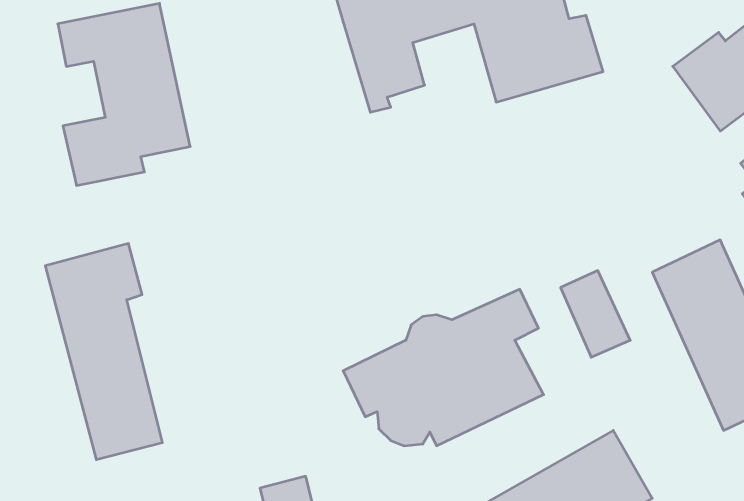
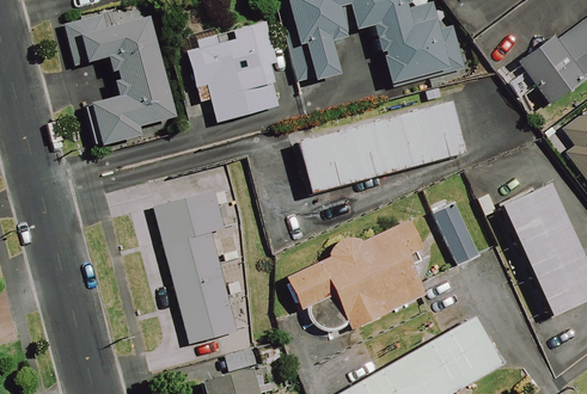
building: none -> [188,23,280,122]
building: none -> [296,100,466,193]
building: [45,244,162,460] -> [155,191,238,343]

